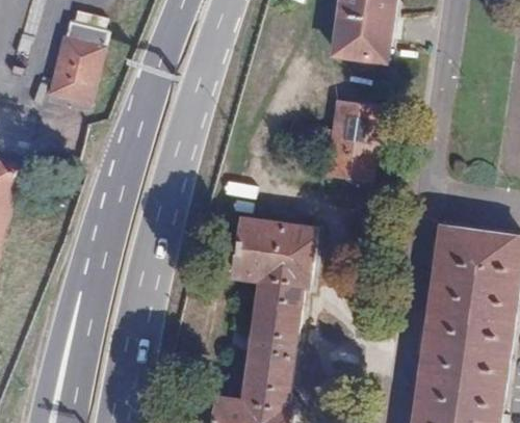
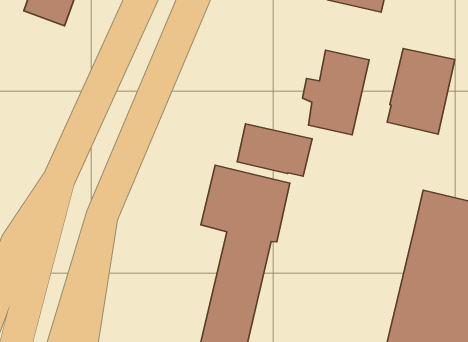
building: none -> [387,48,455,134]
building: none -> [237,124,312,176]

